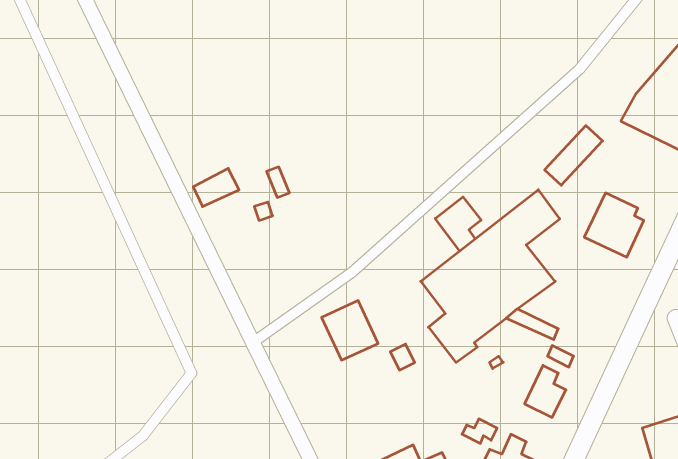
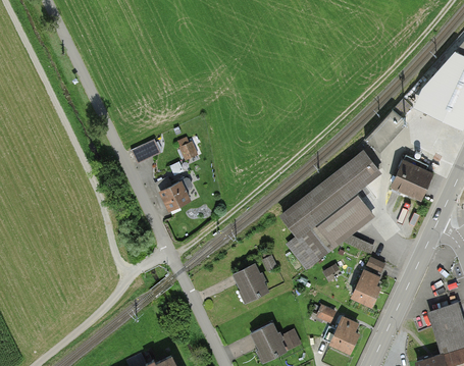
building: [435,197,481,251] -> none
building: none -> [154,176,192,210]
building: [322,301,378,360] -> [235,264,272,304]

